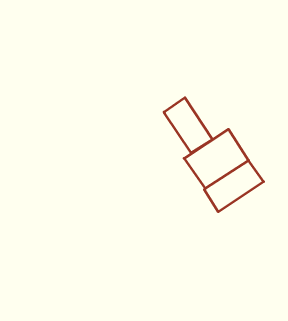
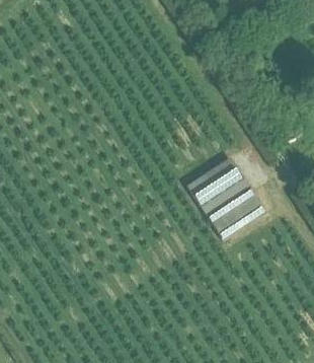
building: [164,98,213,153] -> none

